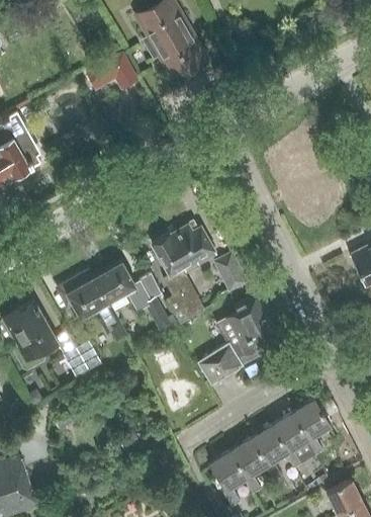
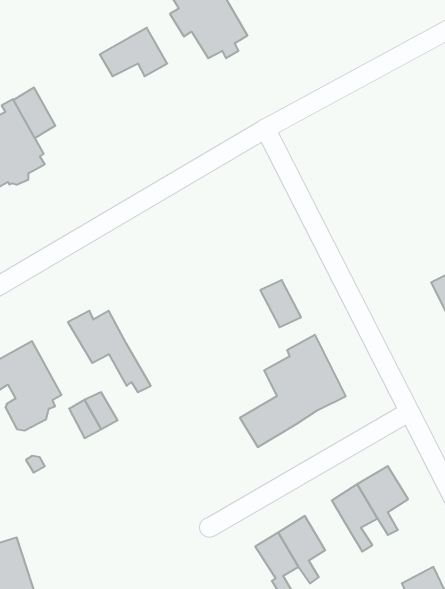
building: none -> [13,87,55,138]
building: [151,226,215,323] -> none
building: [94,262,171,332] -> none
building: [250,428,287,482] -> none

